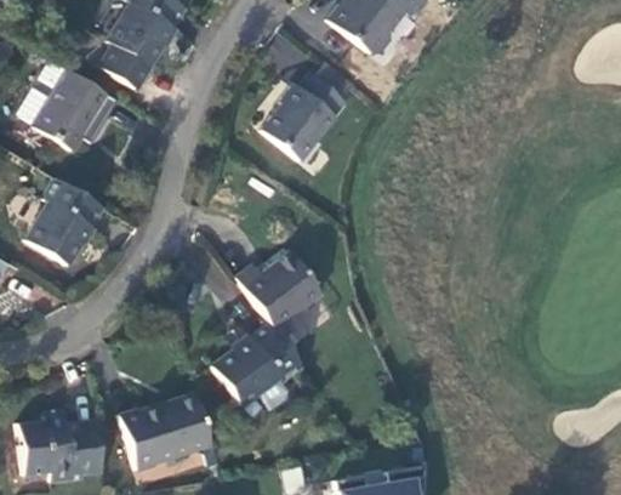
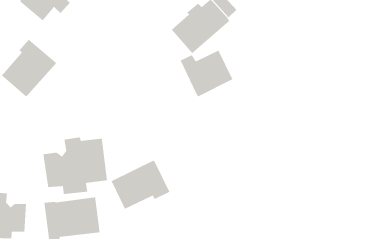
building: [238,252,321,328] -> [180,50,233,97]
building: none -> [43,137,108,195]

